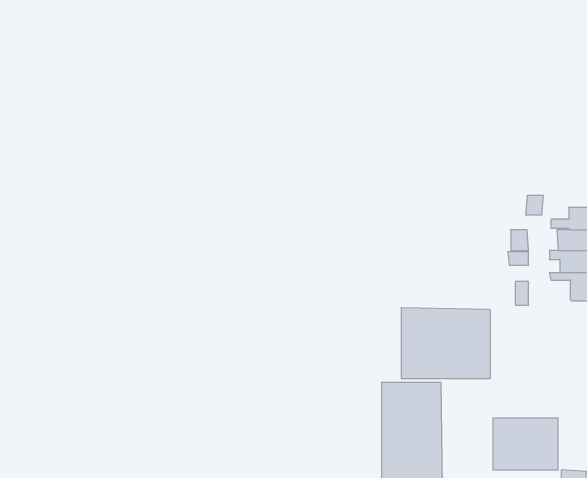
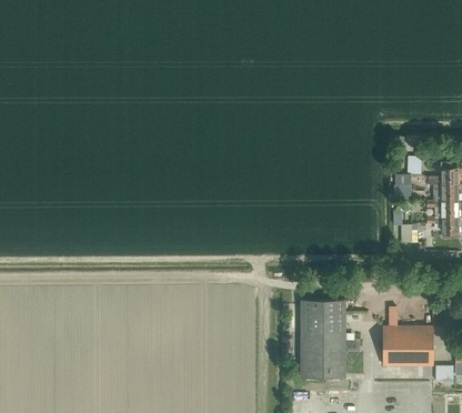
building: [401,307,490,379] -> none

